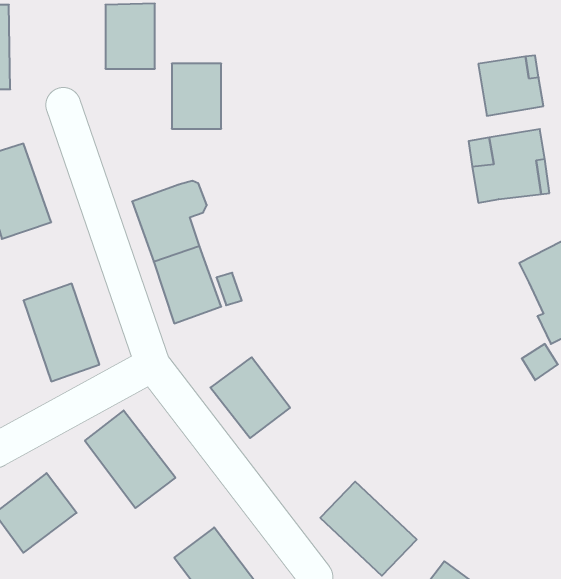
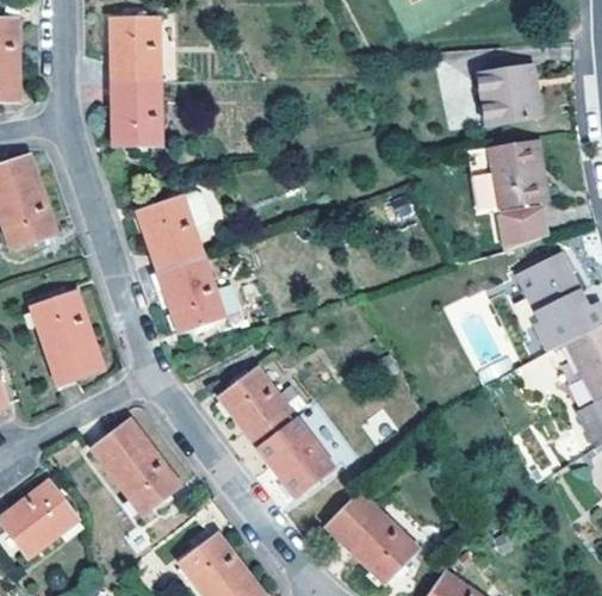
building: [172,64,221,129] -> [110,80,159,144]
building: none -> [498,209,545,248]
building: none -> [253,415,331,496]

